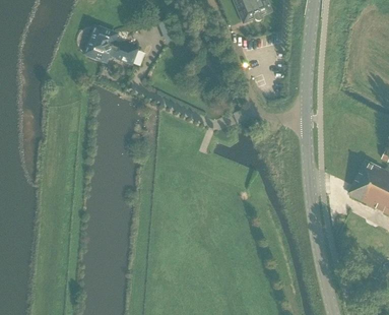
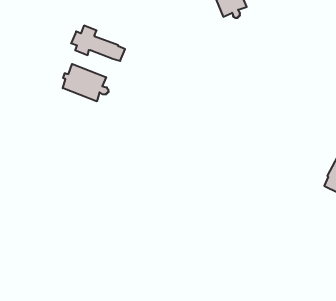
building: none -> [63,64,108,101]

